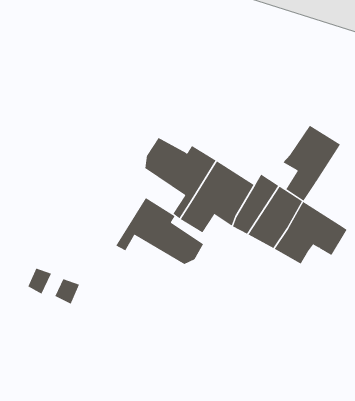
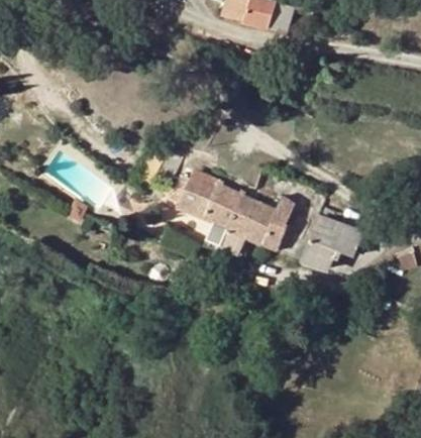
building: [282,125,341,201] -> none
building: [115,197,204,265] -> none

